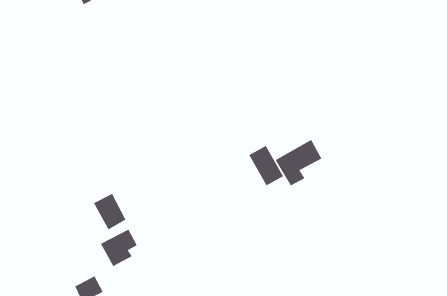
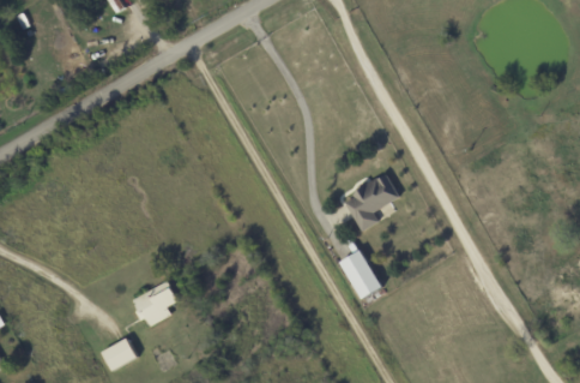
building: [248,145,284,187] -> [338,249,381,299]
building: [93,193,127,231] -> none

